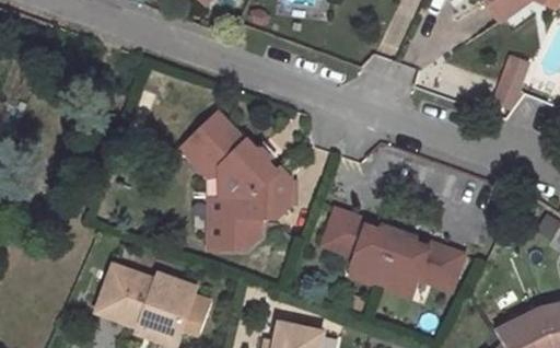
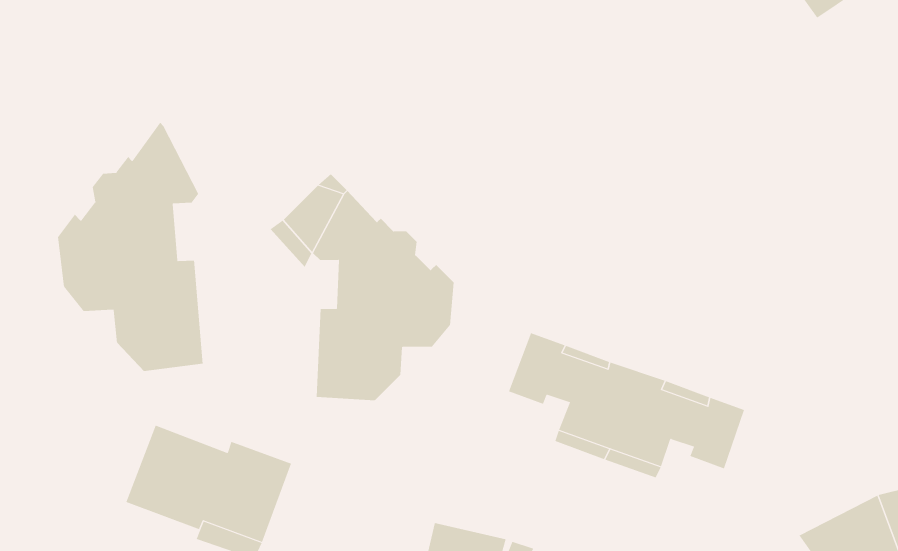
building: [491,53,529,109] -> none
building: none -> [57,122,203,372]

